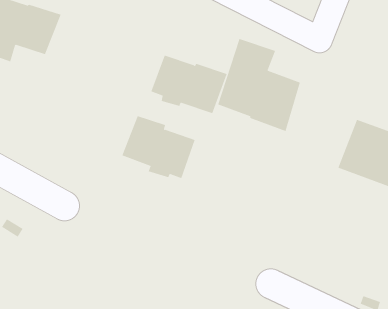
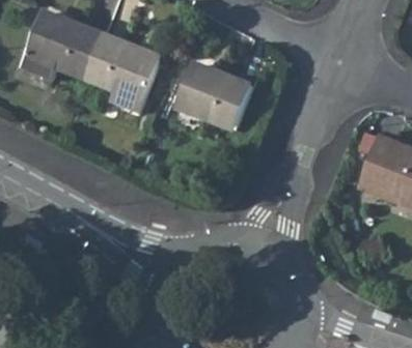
building: [217,38,301,132] -> none
building: [121,115,195,179] -> [74,33,146,95]

